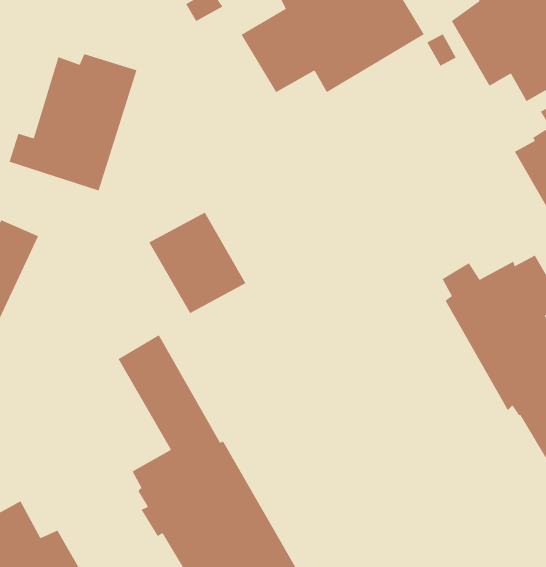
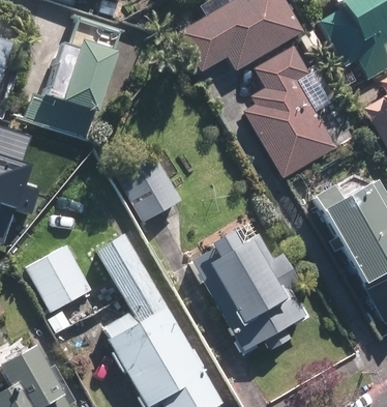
building: none -> [246,46,336,177]
building: none -> [192,233,310,355]
building: none -> [29,242,94,311]

